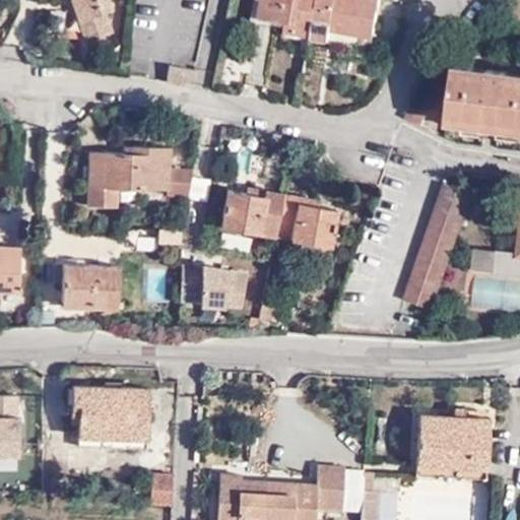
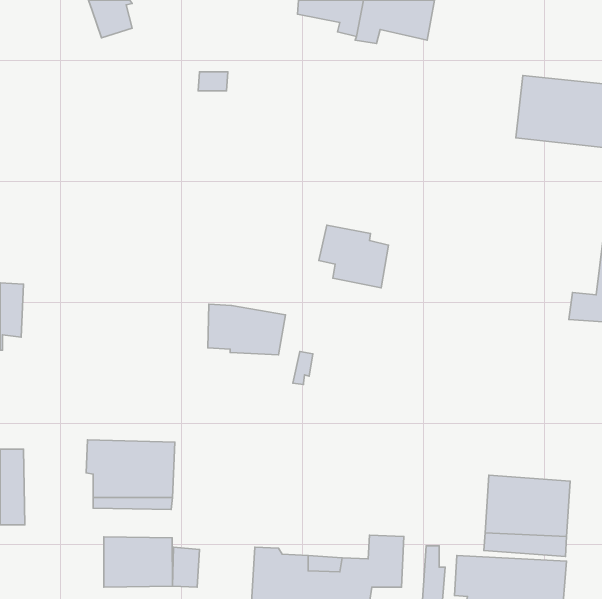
building: [92,150,194,210] -> none
building: [401,186,466,311] -> none
building: [219,190,282,238] -> none
building: [66,265,120,309] -> none
building: none -> [104,537,172,587]

